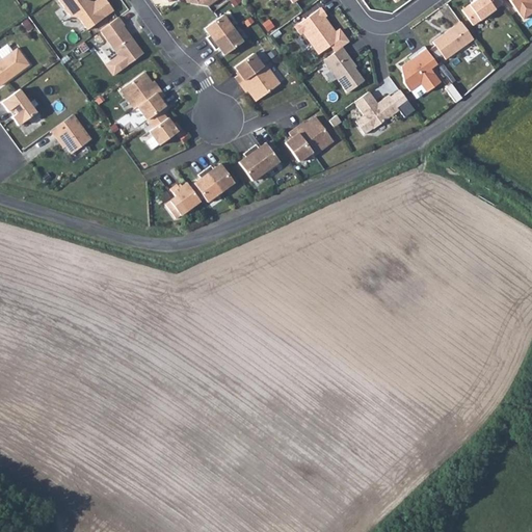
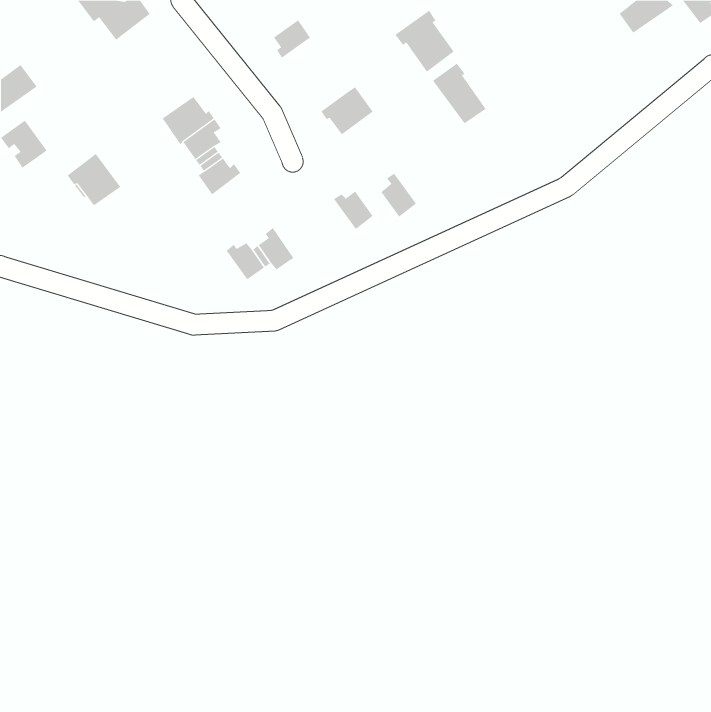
building: [100,17,143,65] -> none
building: [433,22,474,59] -> none
building: [211,28,243,55] -> none
building: [401,46,441,92] -> none
building: [235,53,263,83] -> none
building: [354,89,407,133] -> none
building: [295,116,334,155] -> none
building: [239,149,266,181] -> none
building: [205,164,234,192] -> none

